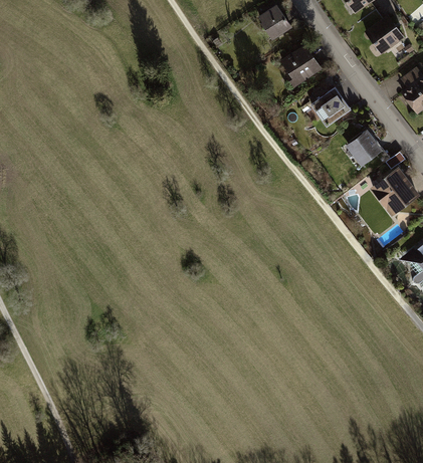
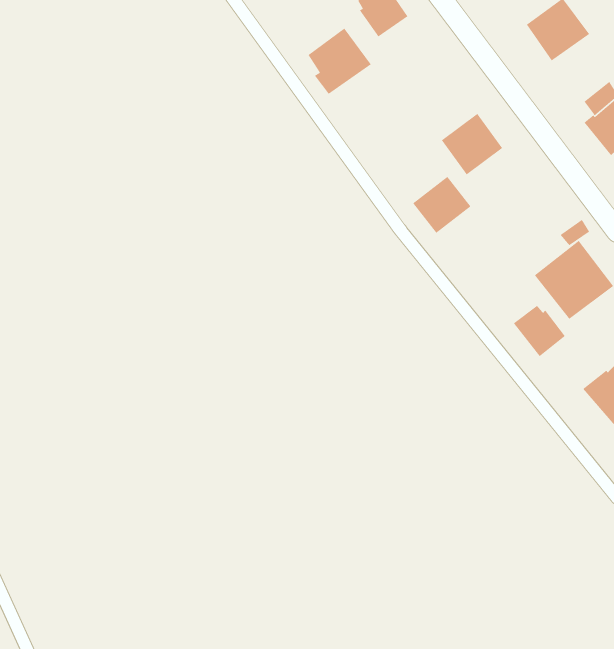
building: [281,44,322,86] -> [308,28,372,95]
building: [346,130,383,166] -> [412,176,472,234]
building: none -> [513,305,566,357]

